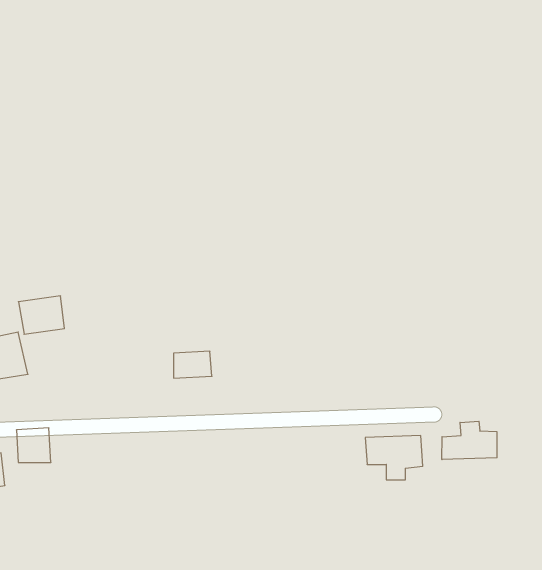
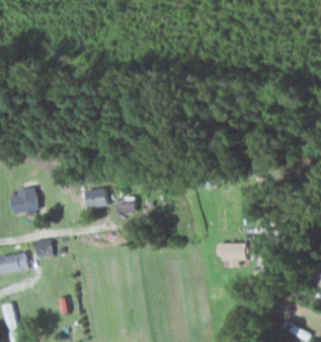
building: [18,296,64,334] -> [83,188,107,208]
building: [442,421,497,460] -> none

